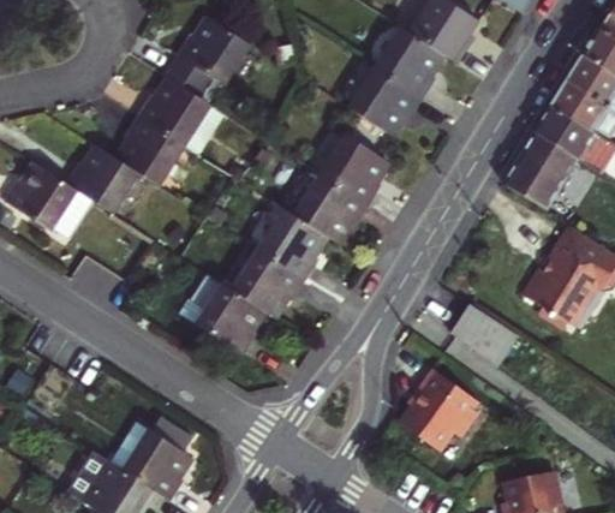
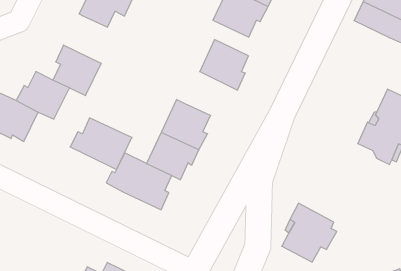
building: [138,78,223,153] -> [70,118,132,170]
building: [503,130,580,209] -> none
building: [293,173,366,241] -> none
building: [450,304,518,366] -> none

